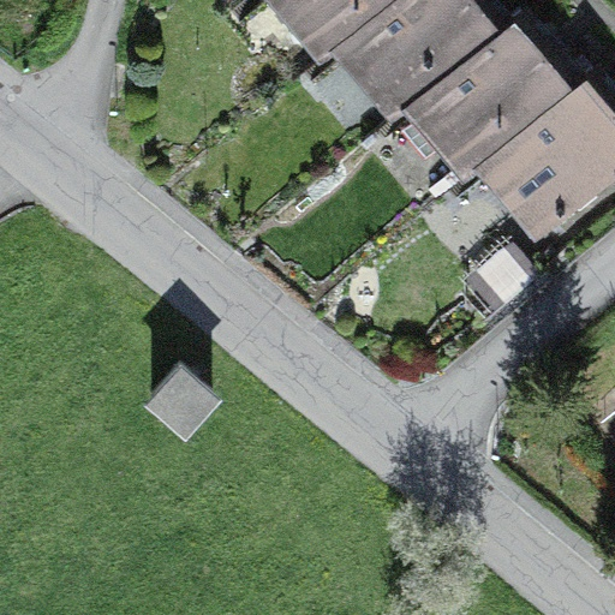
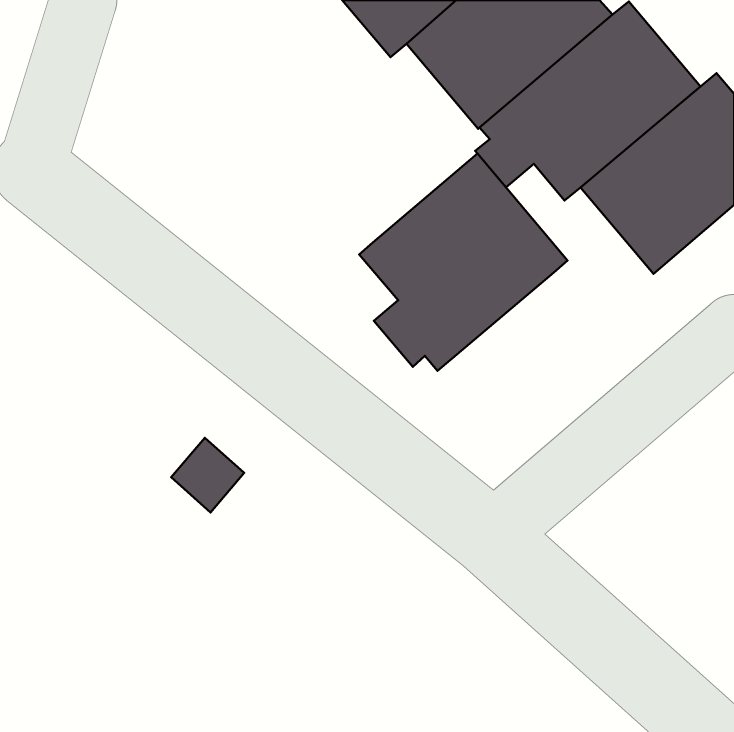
building: none -> [359,154,568,371]

